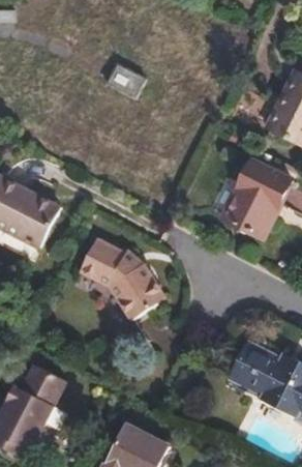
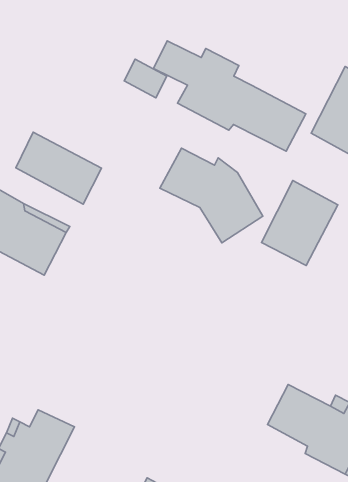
building: none -> [153,41,306,151]
building: none -> [16,132,102,204]
building: [76,239,163,320] -> [160,148,263,243]

